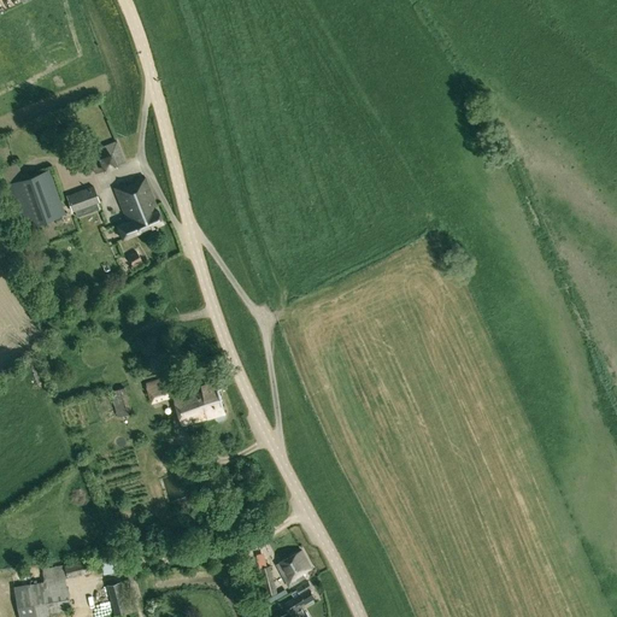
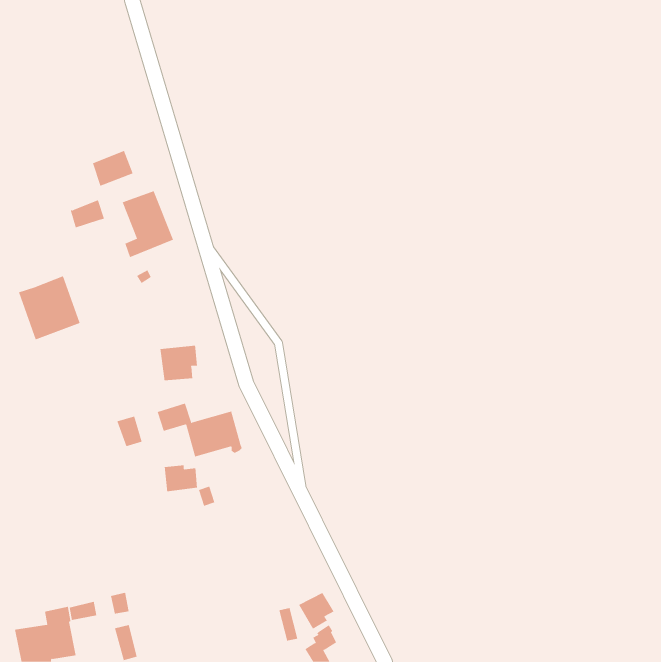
building: [5,170,63,230] -> [18,275,80,340]
building: none -> [160,345,198,381]
building: none -> [164,465,198,492]

